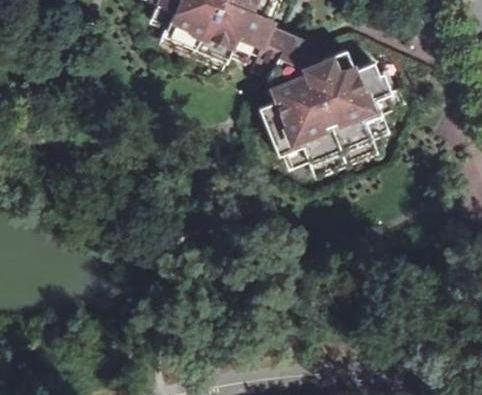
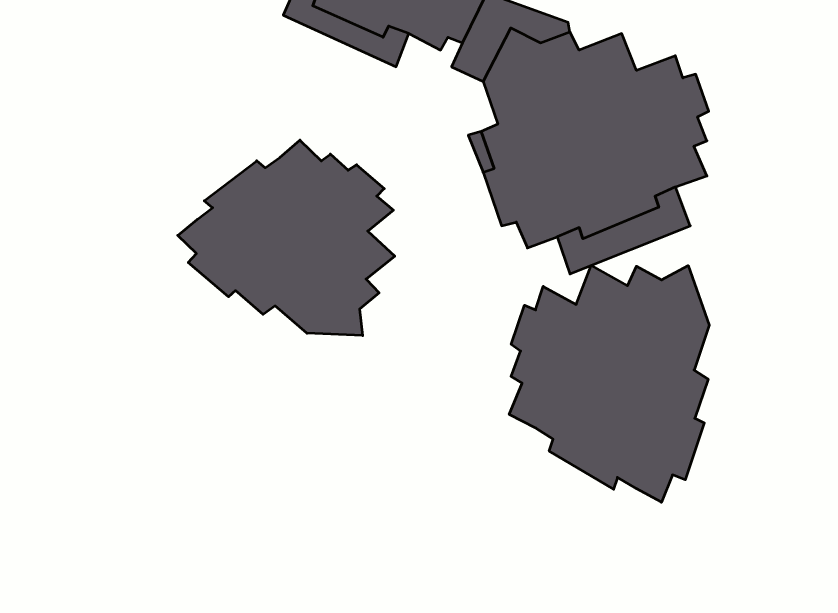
building: none -> [178,140,395,336]
building: none -> [509,265,709,502]

